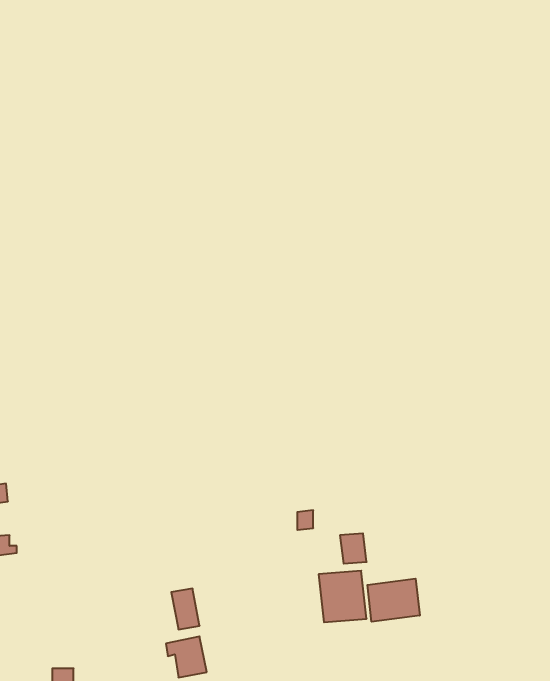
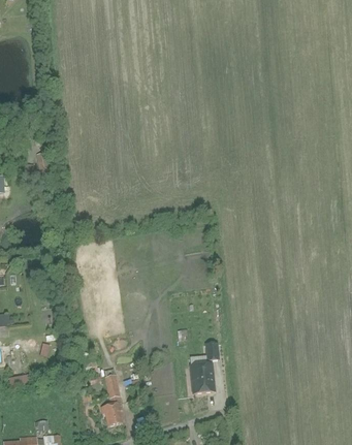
building: [367,579,420,622] -> none

